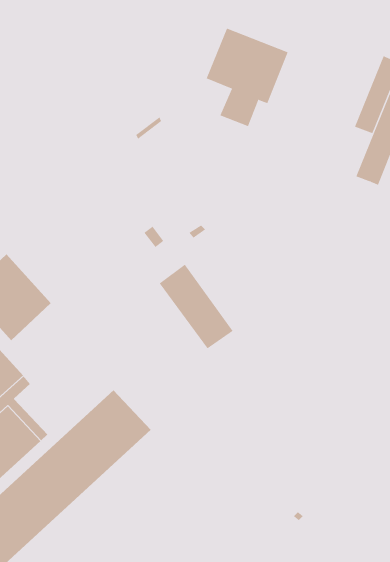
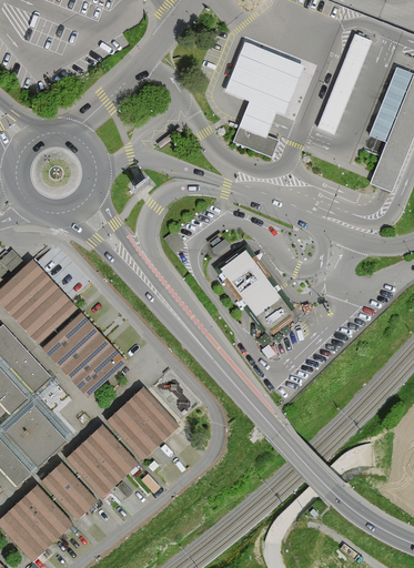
building: none -> [319,34,373,135]
building: none -> [234,125,281,159]
building: [159,264,234,349] -> [222,248,294,331]
building: none -> [44,313,127,395]

